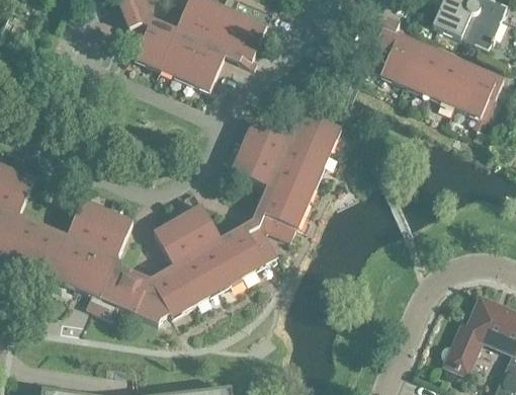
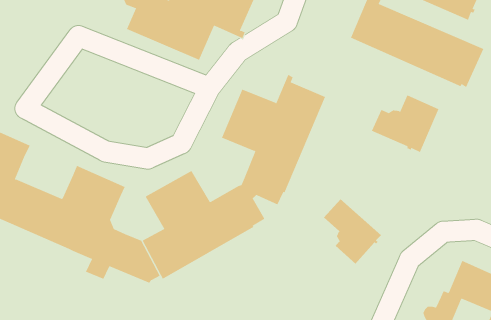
building: none -> [371,94,439,153]
building: none -> [323,199,382,265]

